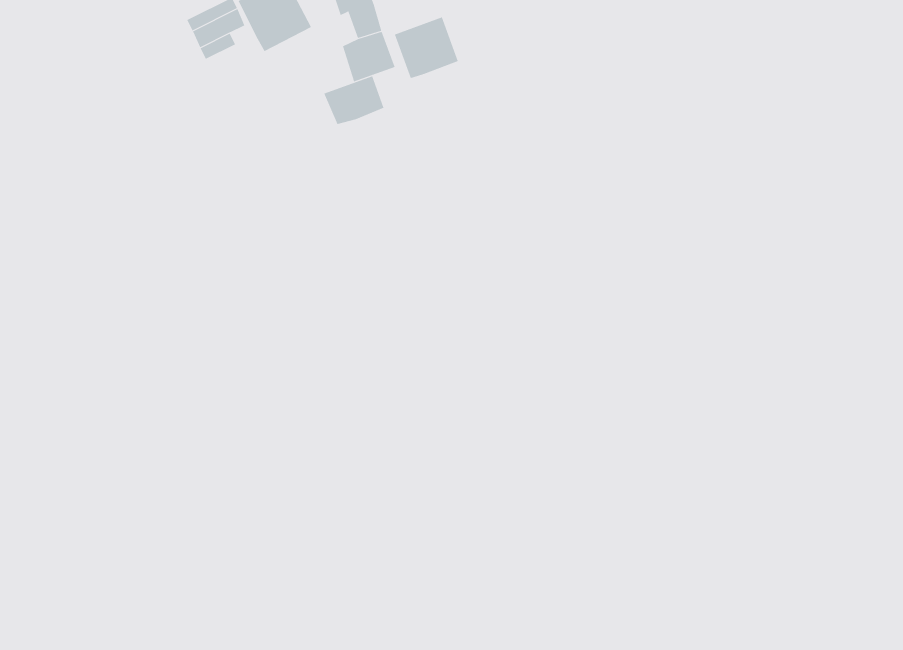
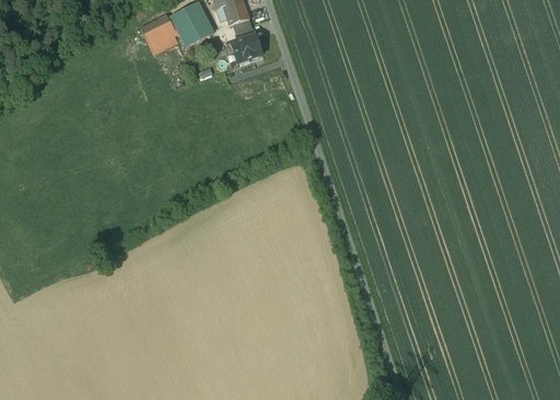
building: [394,17,458,79] -> none
building: [323,75,384,125] -> none

